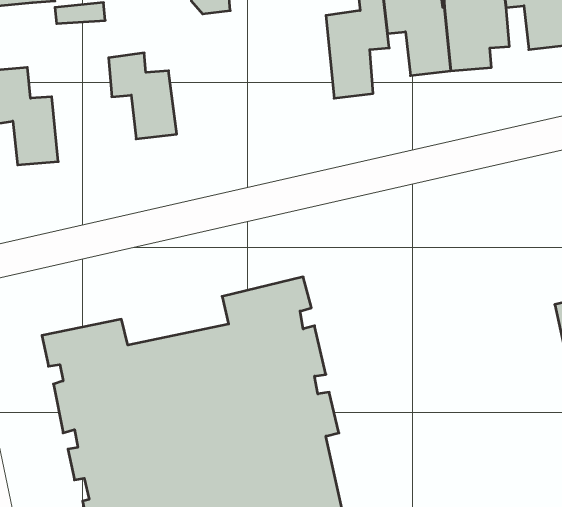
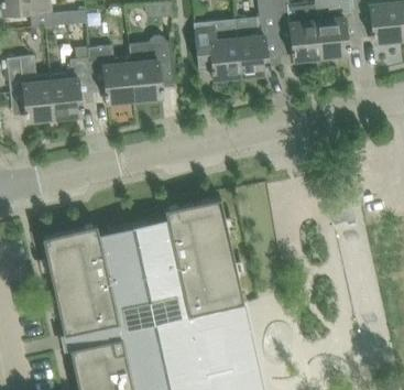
building: none -> [194,21,242,80]
building: none -> [129,36,176,101]
building: none -> [51,50,92,120]

